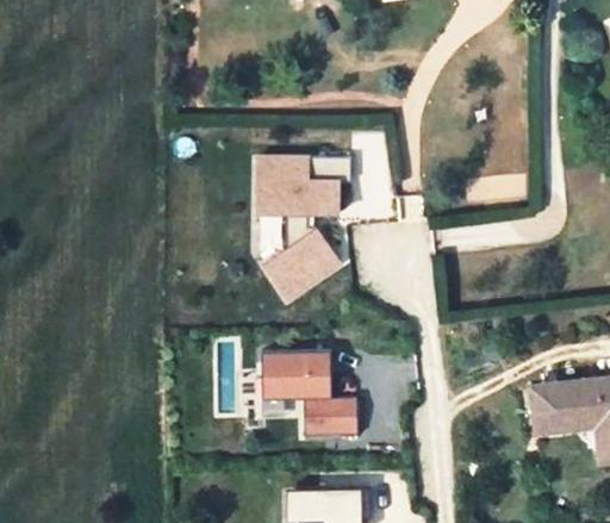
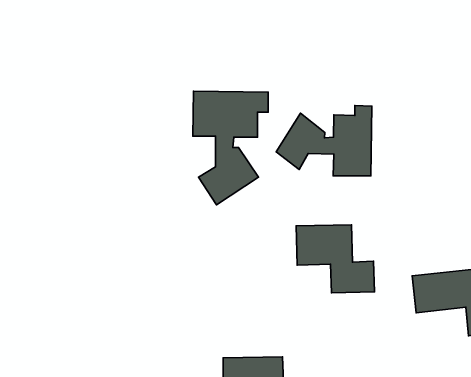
building: none -> [276,106,372,176]
building: [260,350,357,435] -> [296,225,374,293]

